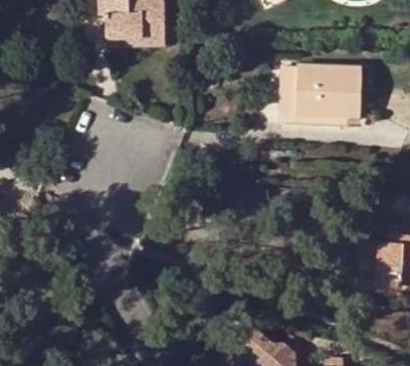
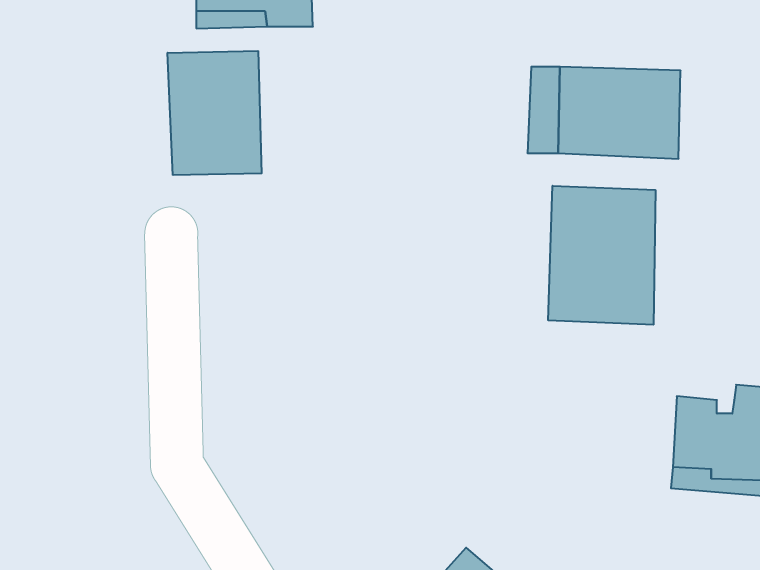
building: none -> [168,51,262,175]
building: none -> [548,186,655,325]

